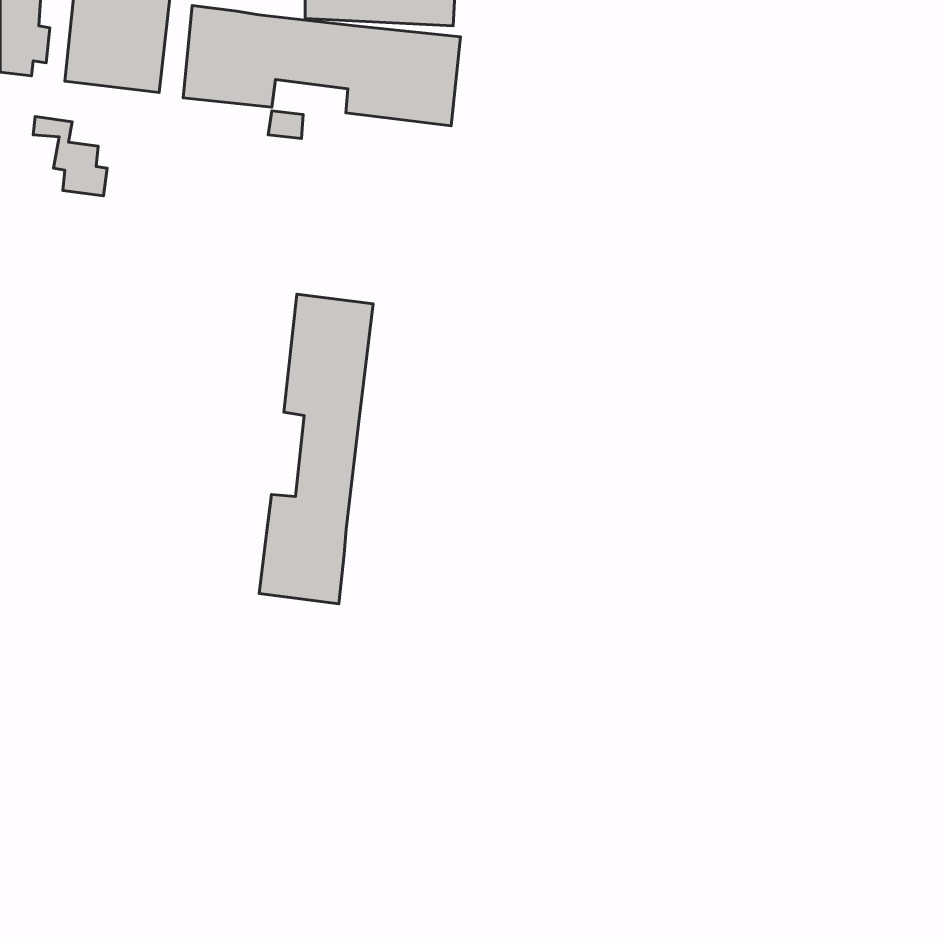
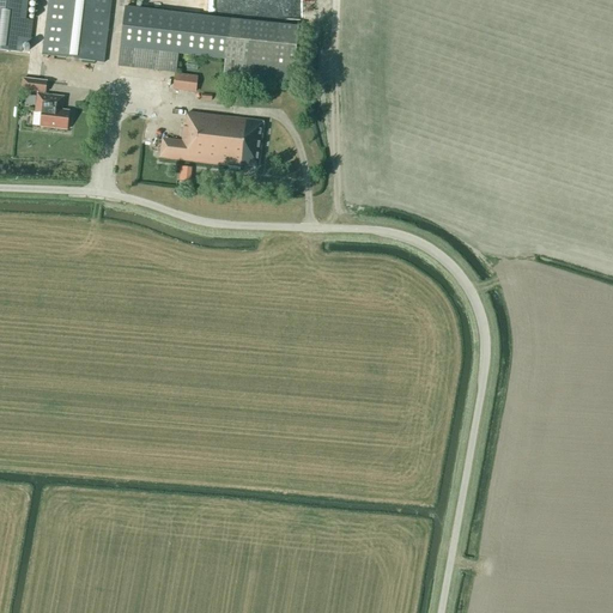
building: none -> [159,110,263,165]
building: [259,294,373,604] -> none

